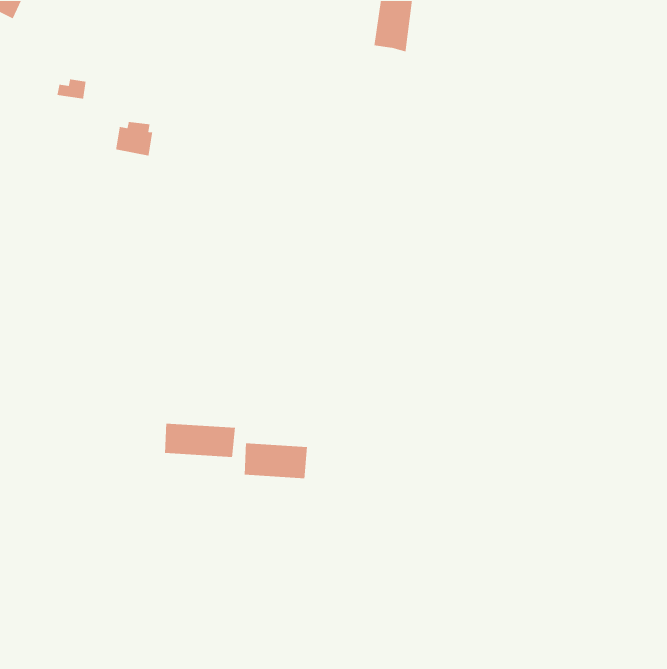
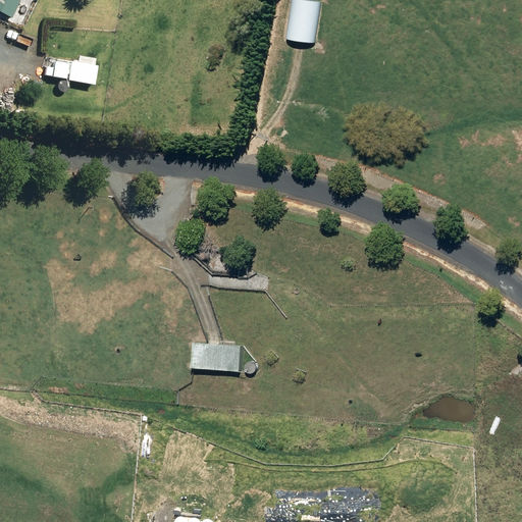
building: [115,121,153,156] -> [67,56,97,84]
building: [164,423,236,458] -> none

